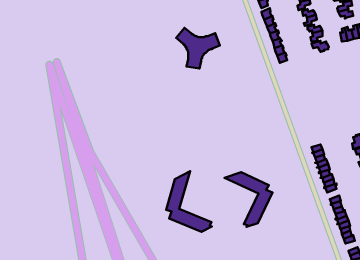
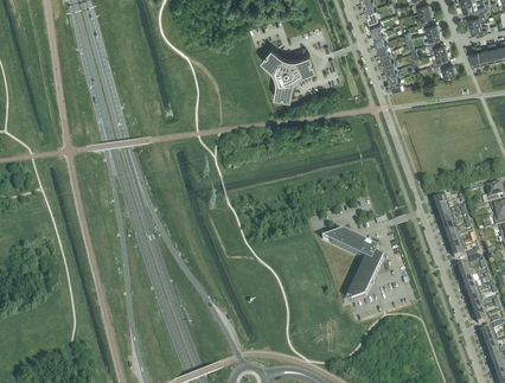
building: [166,171,212,232] -> none

